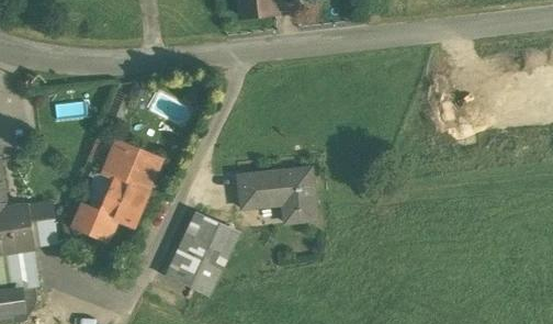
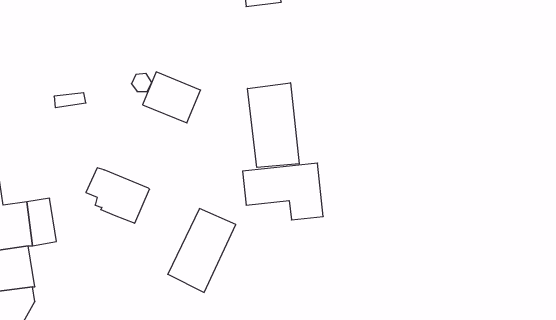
building: none -> [248,83,299,167]
building: [104,142,160,191] -> [143,72,201,123]
building: [75,202,114,238] -> none

